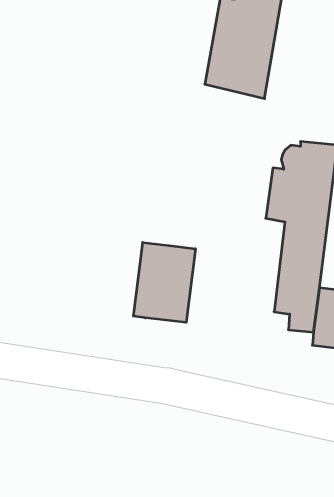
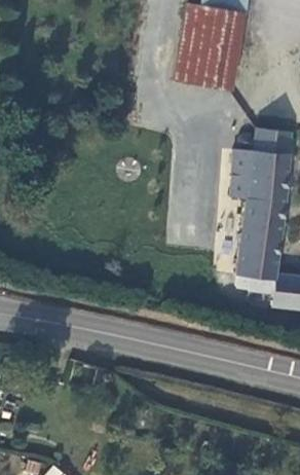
building: [133,242,195,322] -> none

